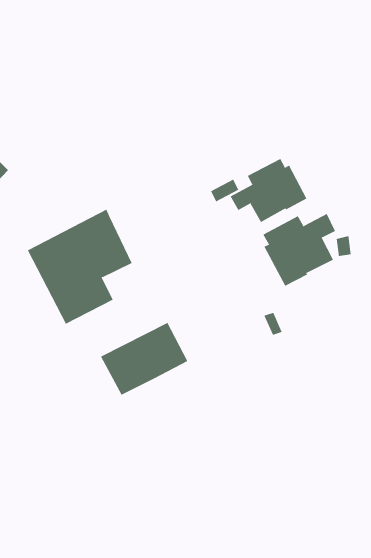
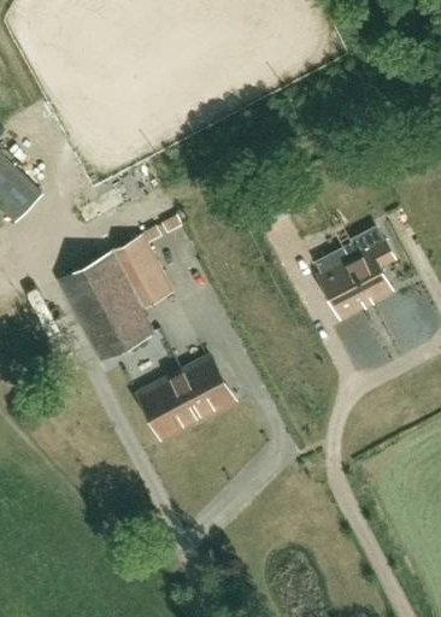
building: [230,158,307,223] -> none

